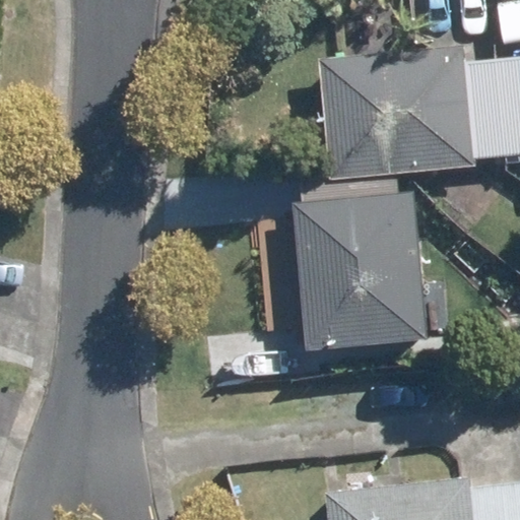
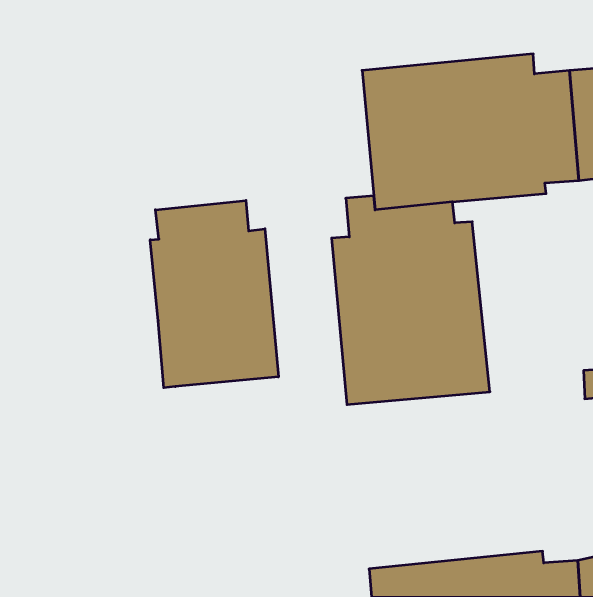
building: none -> [150,200,278,388]

